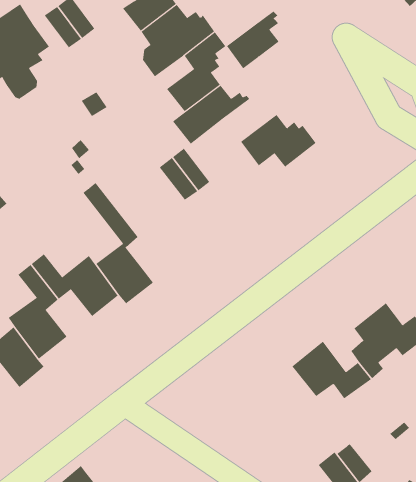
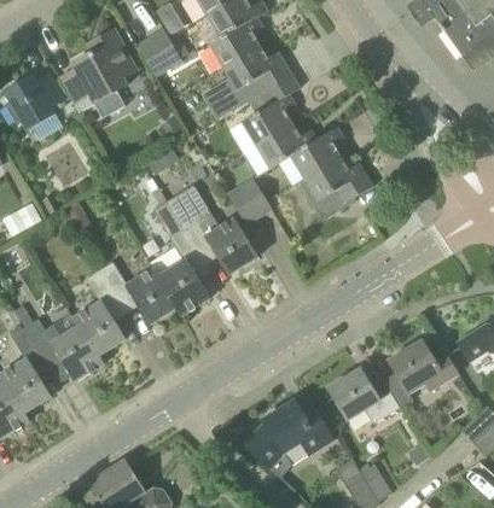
building: [226,11,279,69] -> [290,127,341,177]
building: none -> [167,183,257,274]
building: none -> [242,401,333,477]

